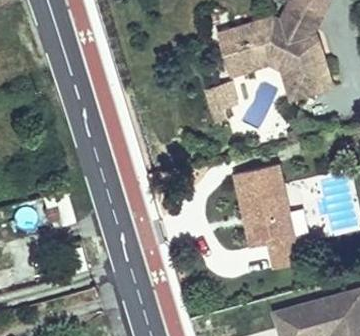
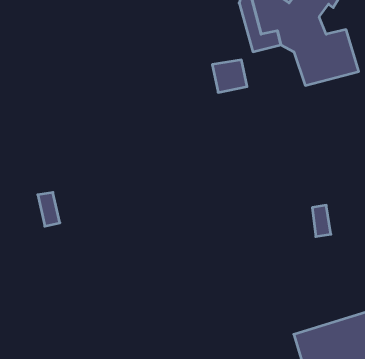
building: [235,164,313,269] -> none

